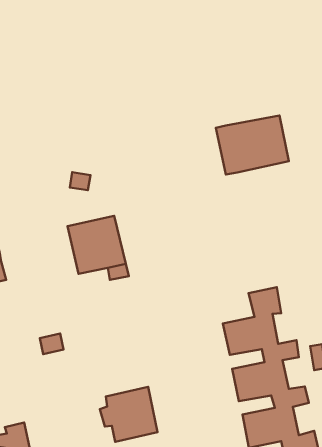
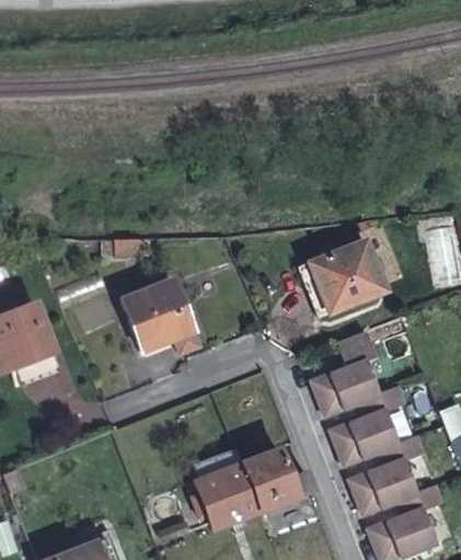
building: [216,116,289,174] -> [298,241,385,317]
building: none -> [240,449,311,514]

